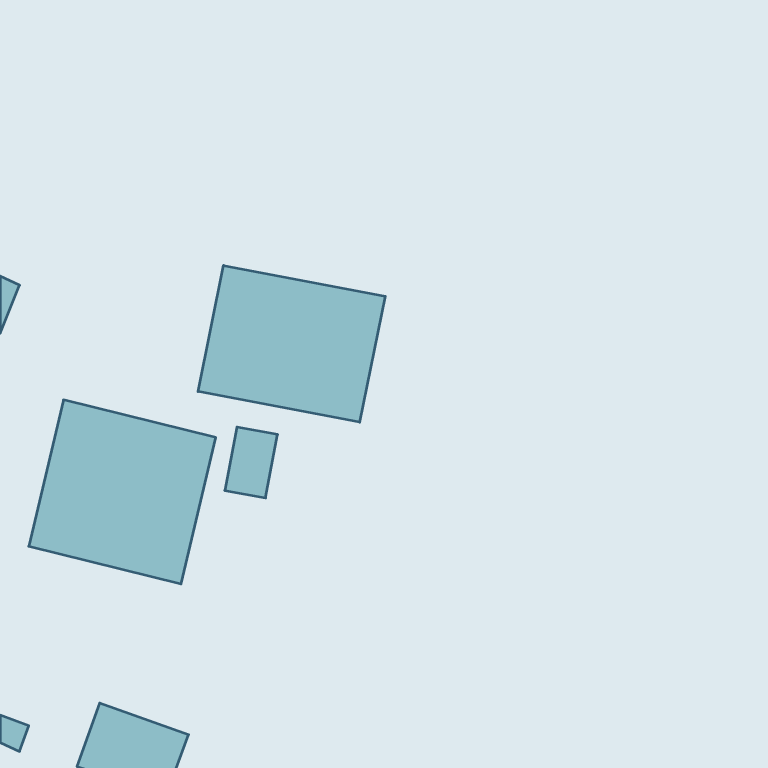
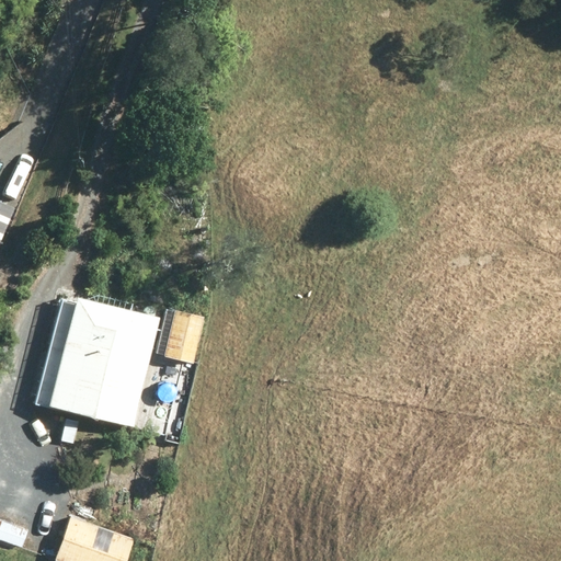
building: [198,265,385,422] -> none

